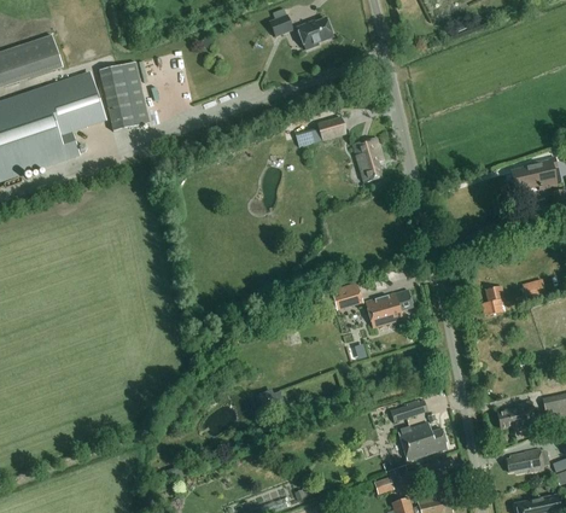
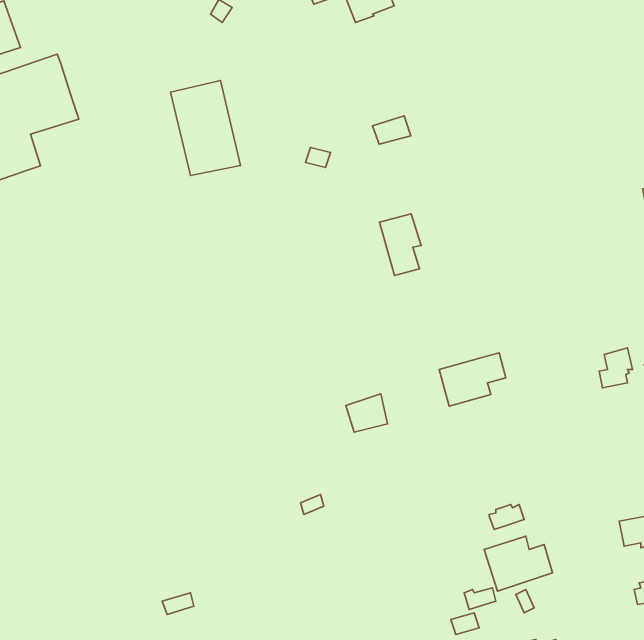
building: [99,62,150,130] -> [170,81,240,176]
building: [354,138,384,182] -> [380,214,421,276]
building: [333,282,363,310] -> [346,394,387,432]

